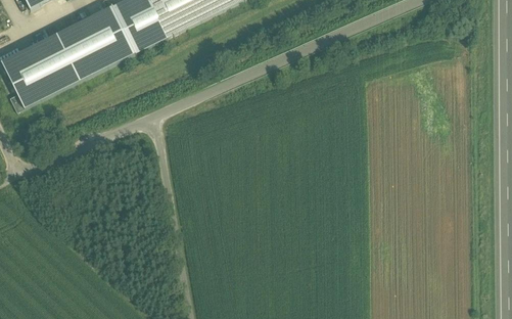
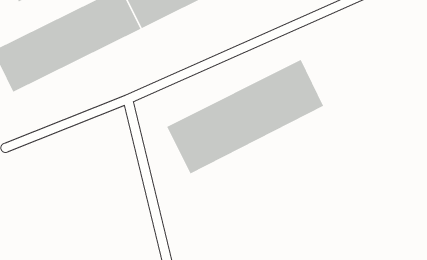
building: none -> [166,59,324,174]

